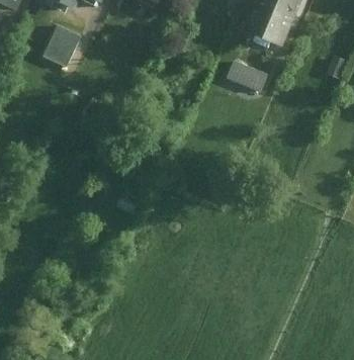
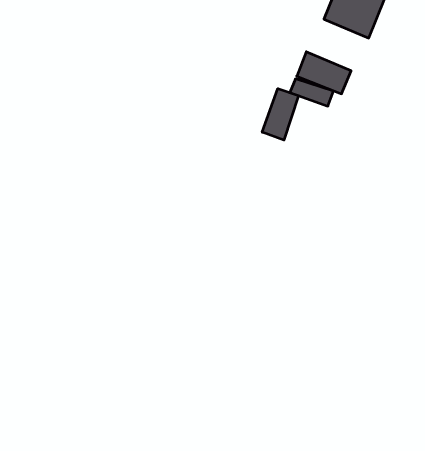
building: [42,24,80,66] -> none
building: none -> [262,89,299,140]

